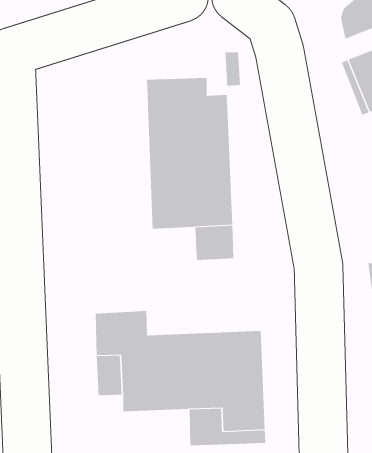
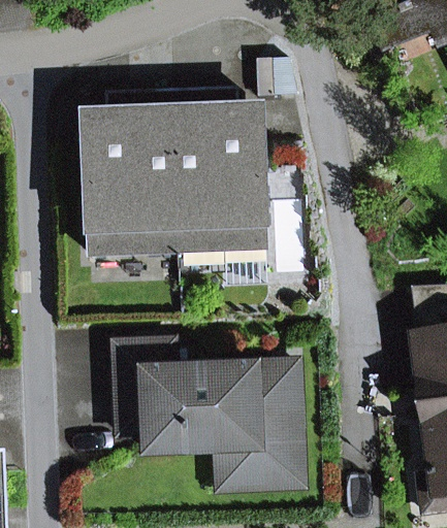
building: none -> [87,93,180,259]

